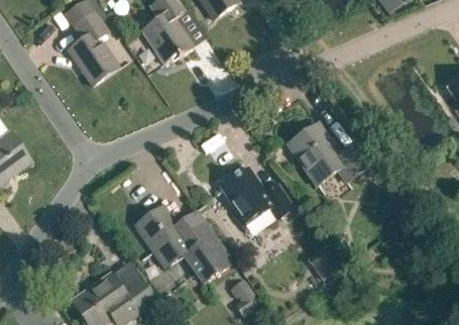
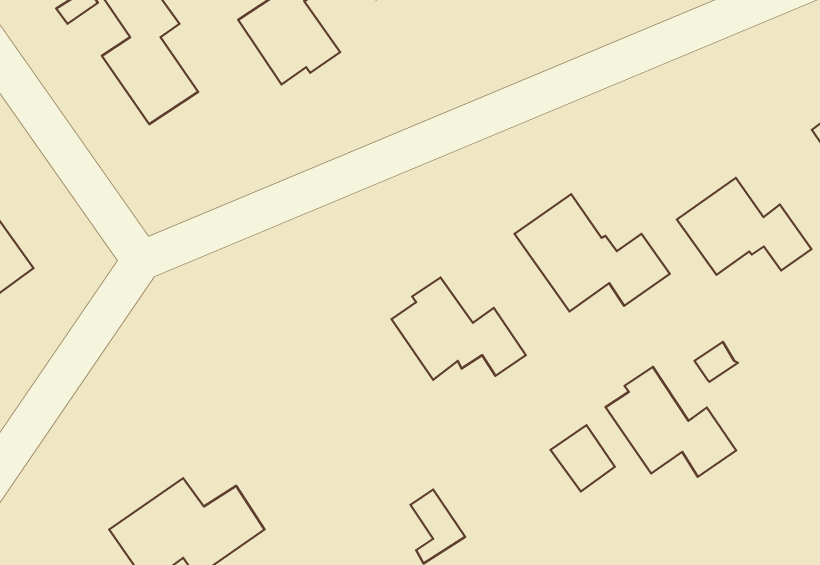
building: none -> [677,178,811,275]
building: [136,205,232,281] -> none
building: none -> [606,367,736,477]

